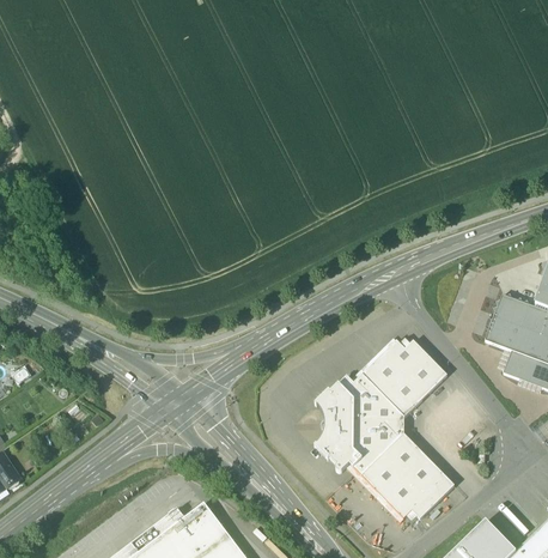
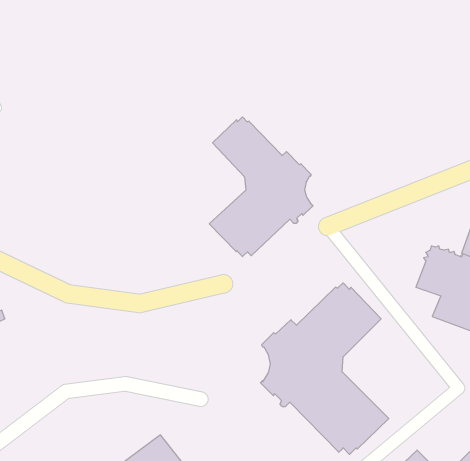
building: none -> [209,117,313,257]

